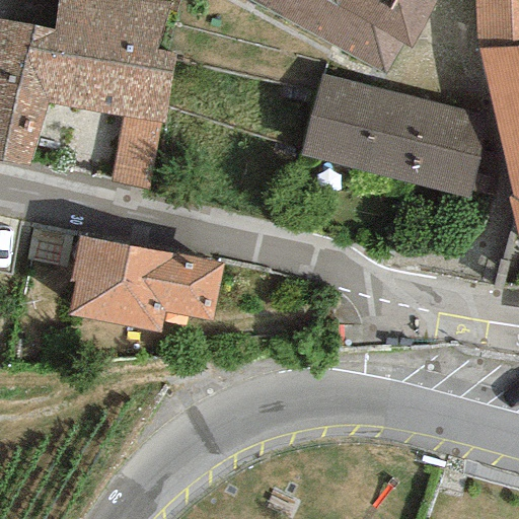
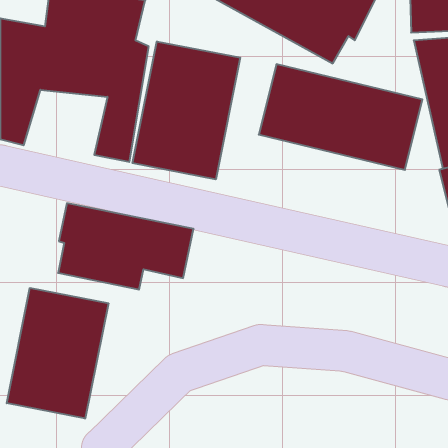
building: none -> [132,41,240,179]
building: none -> [7,288,108,419]

